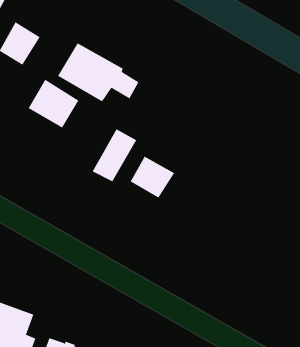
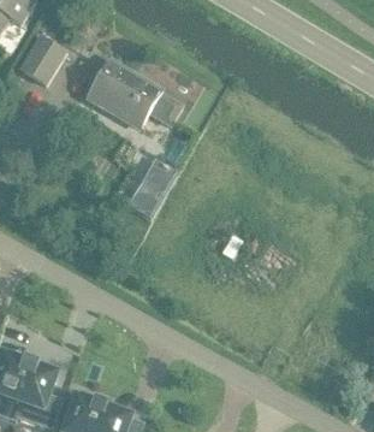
building: [28,79,79,128] -> none
building: [130,156,175,198] -> none

